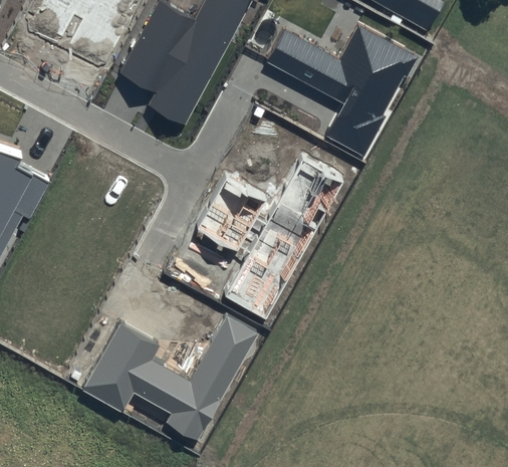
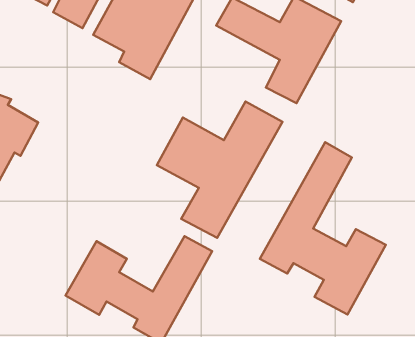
building: none -> [260,142,386,315]

